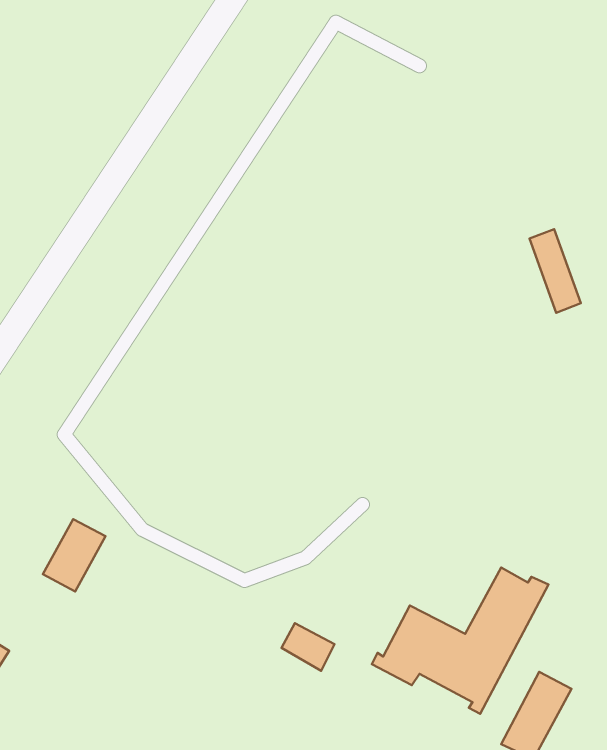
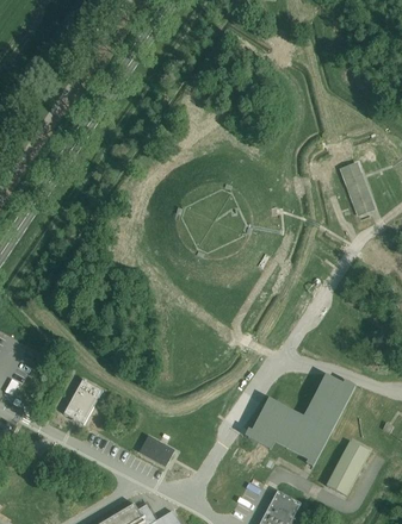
building: [43,519,106,591] -> [62,379,101,424]
building: [281,623,335,671] -> [138,436,172,466]

